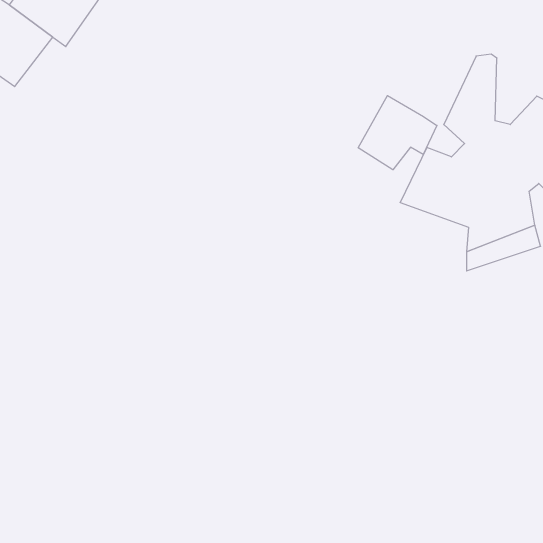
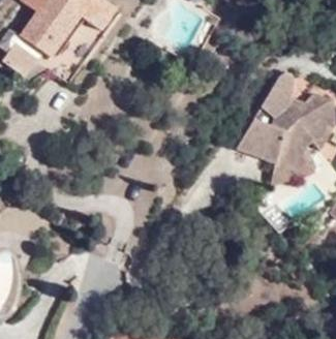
building: [358,96,437,170] -> none

